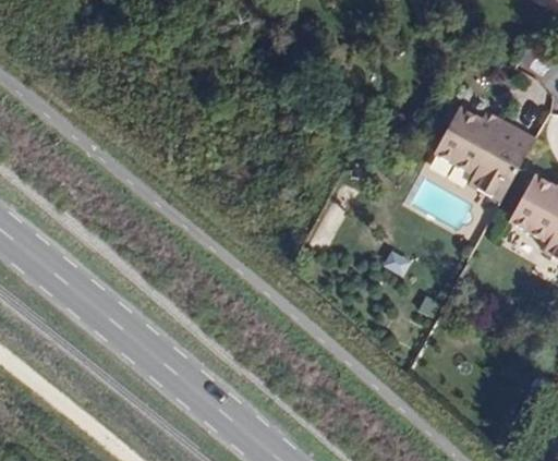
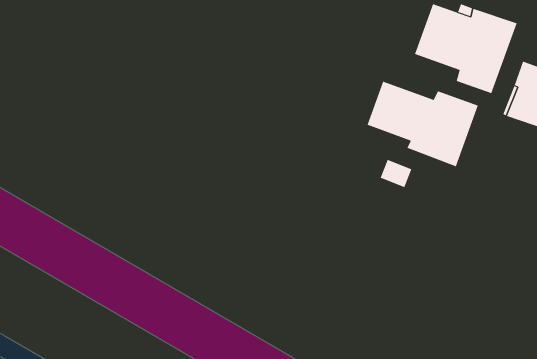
building: none -> [367,81,479,167]

